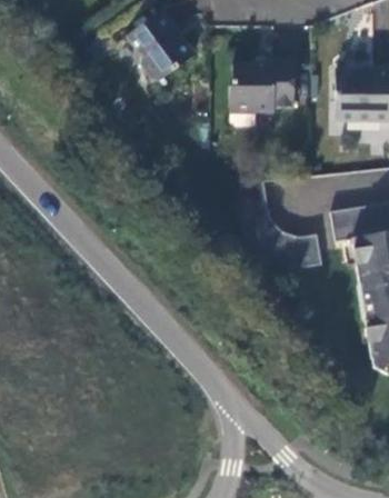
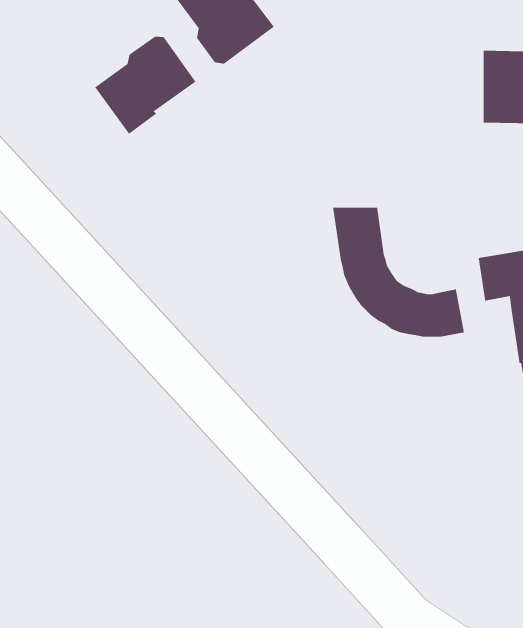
building: [230,59,295,111] -> none
building: none -> [94,36,197,135]

